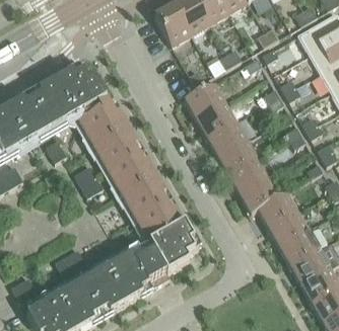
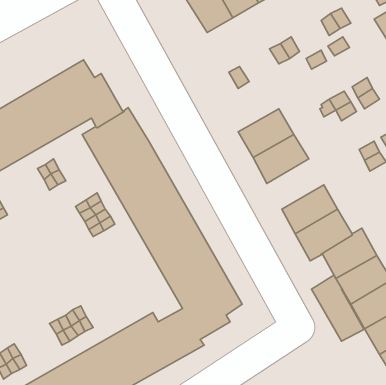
building: [183,80,224,117] -> none
building: [215,138,258,175] -> none
building: none -> [311,275,363,341]

